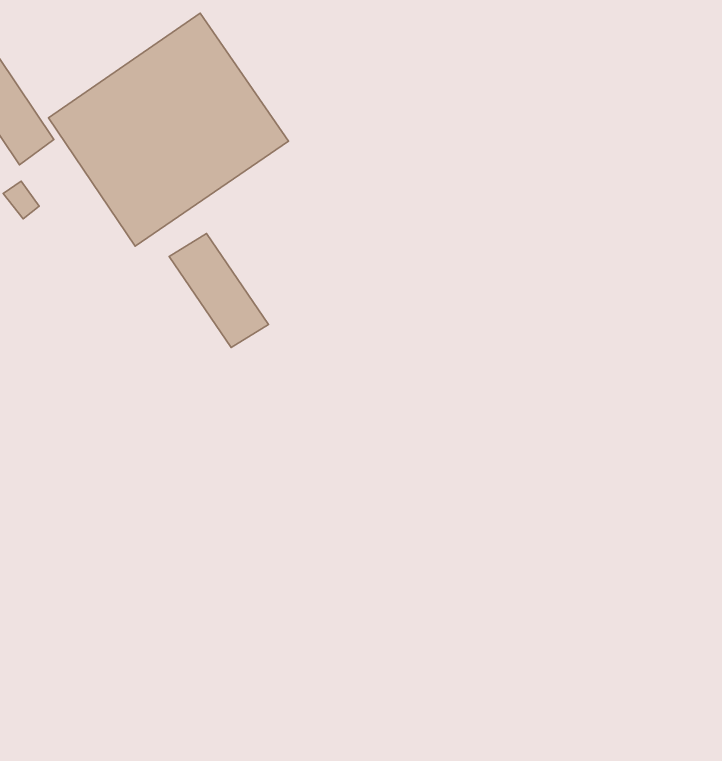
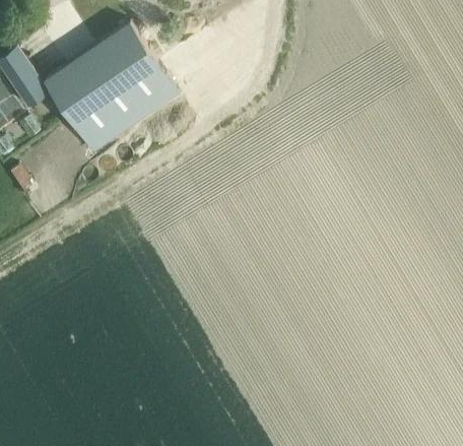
building: [169,234,269,348] -> none

